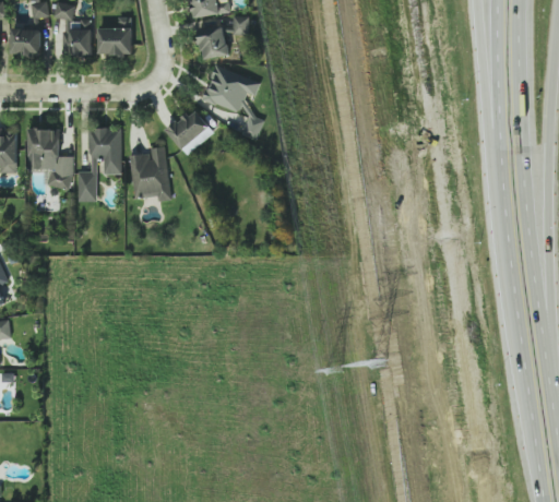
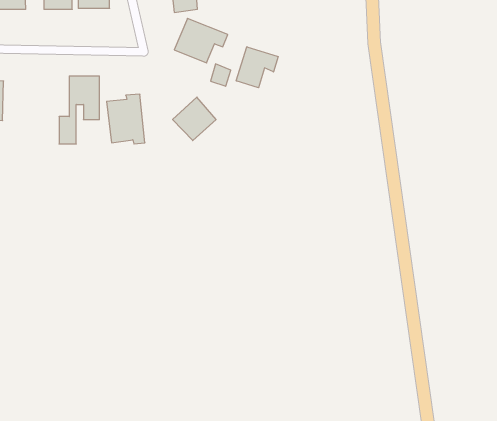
building: none -> [236,47,278,88]
building: [166,107,213,154] -> [173,97,216,141]
building: [27,128,72,187] -> none

